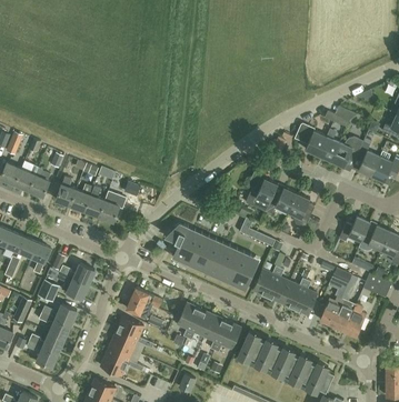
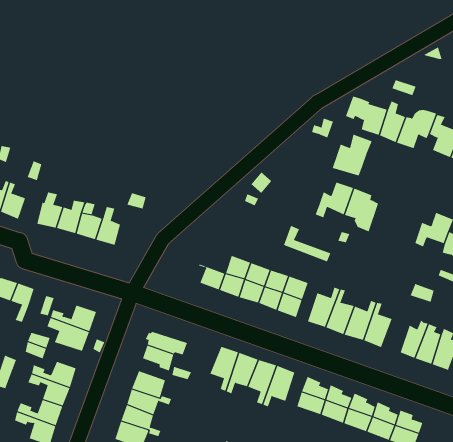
building: [245,179,277,211] -> [332,134,372,176]
building: [164,223,199,250] -> none

